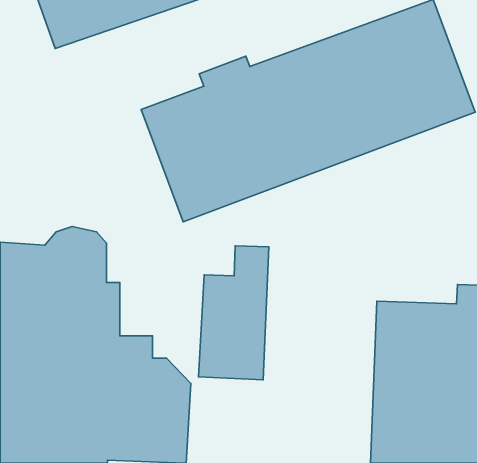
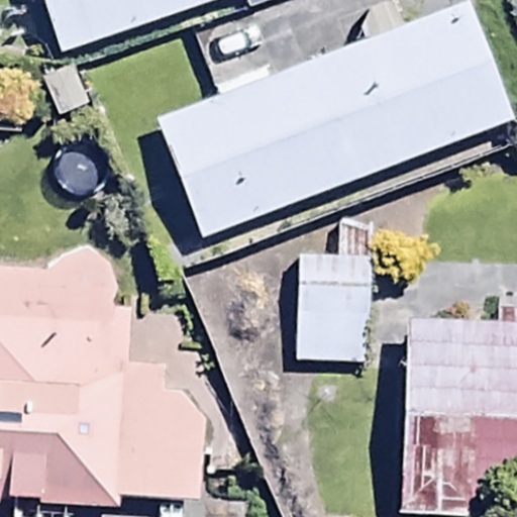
building: [199,246,269,380] -> [295,216,371,360]

